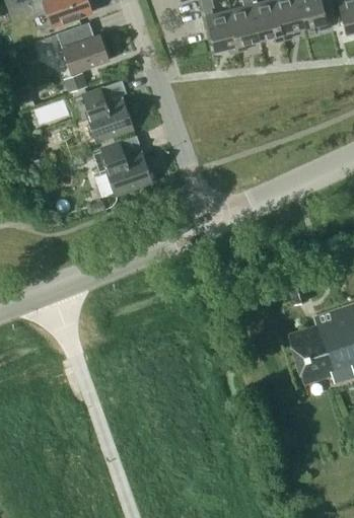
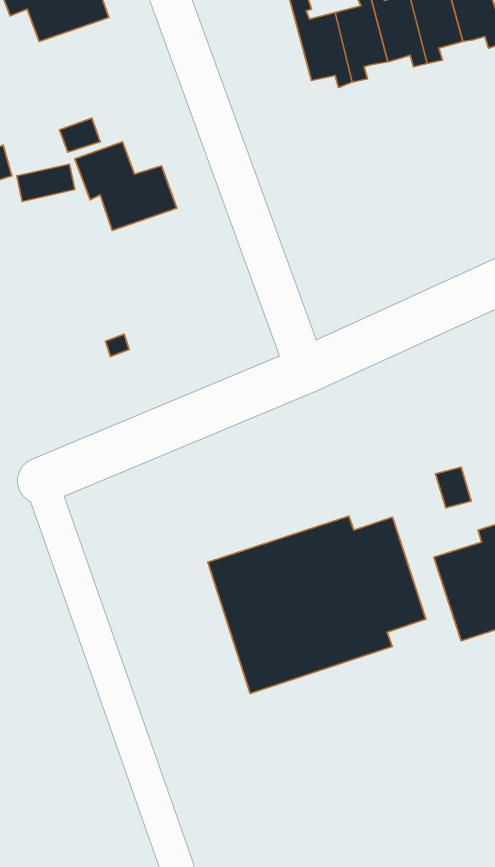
building: [56,20,109,71] -> none
building: [83,139,151,192] -> none
building: none -> [208,516,426,694]

